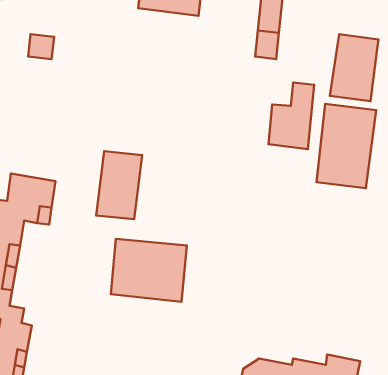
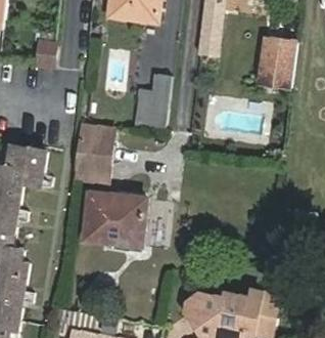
building: [268,82,314,149] -> [135,74,171,126]
building: [316,104,376,188] -> none

